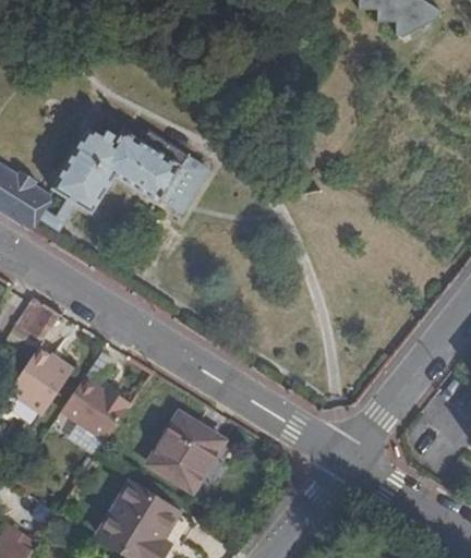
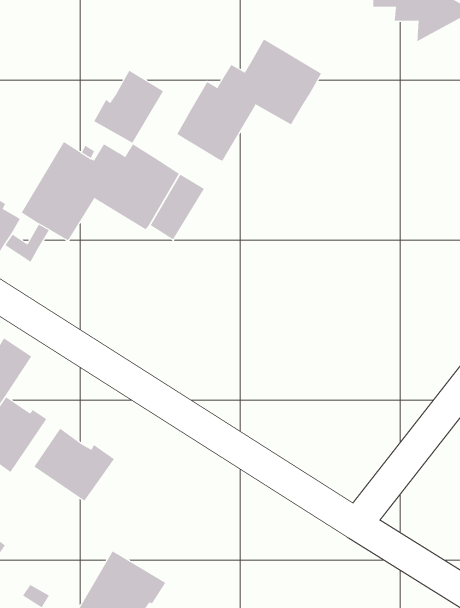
building: none -> [177,38,322,162]
building: none -> [93,70,164,144]
building: [149,413,224,490] -> none

